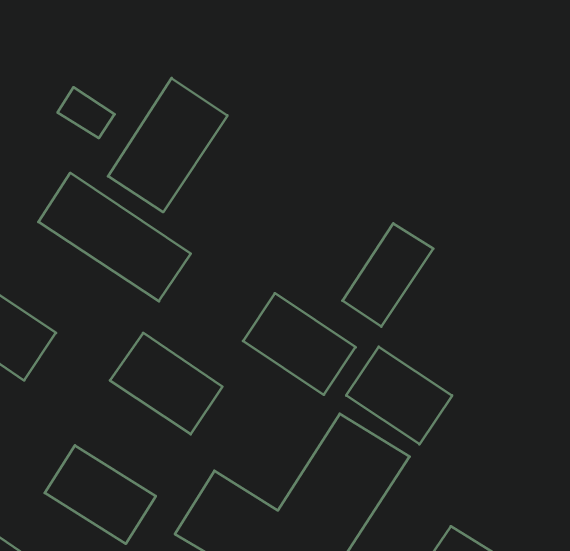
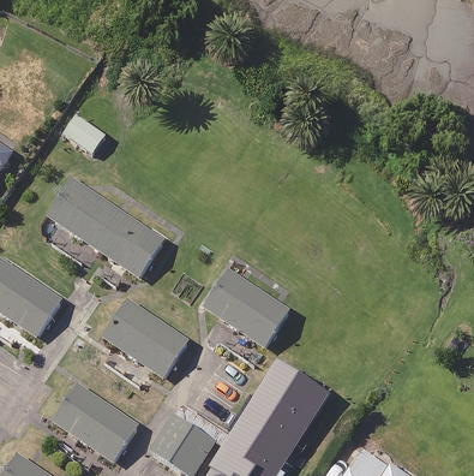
building: [108,78,227,212] -> none
building: [342,223,433,327] -> none
building: [346,347,452,444] -> none

